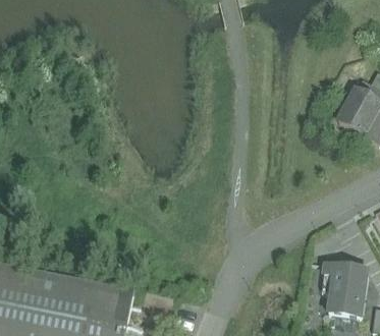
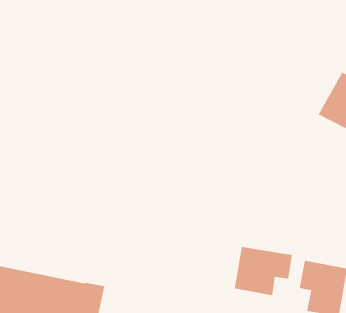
building: none -> [234,246,292,296]

